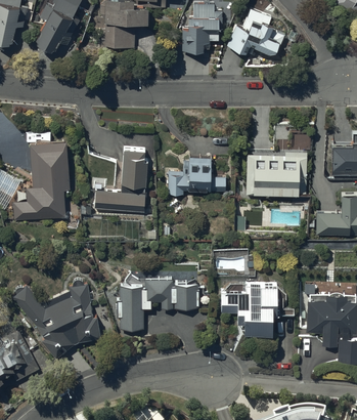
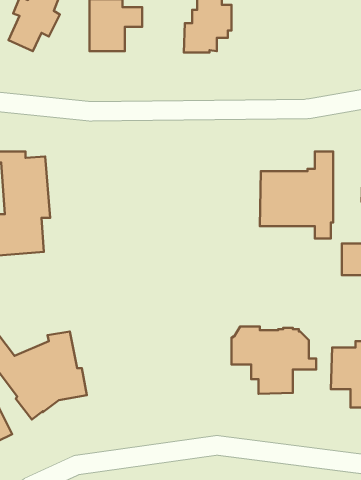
building: [228,12,284,54] -> none
building: [90,148,146,213] -> none
building: [167,154,225,194] -> none
building: [118,278,202,331] -> none

